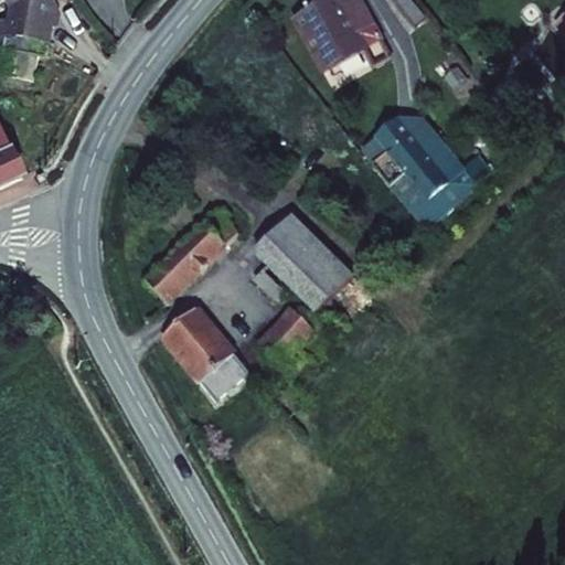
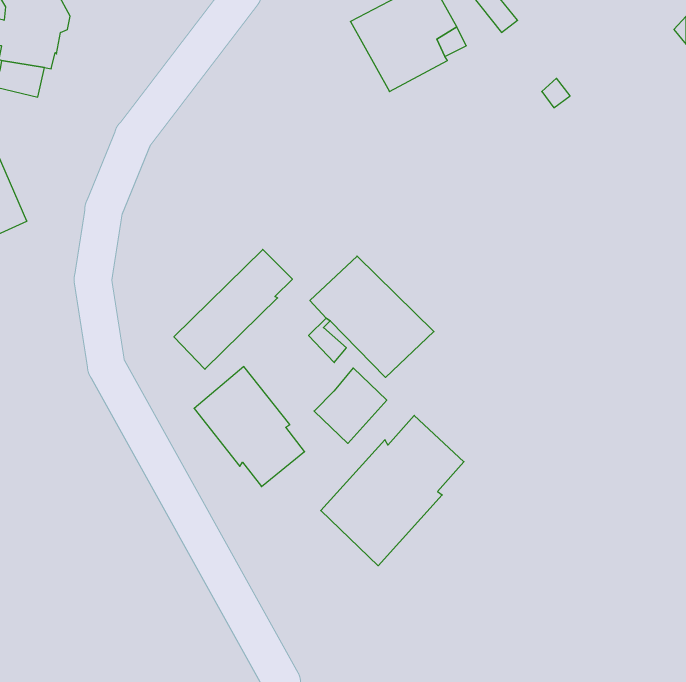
building: [360,117,475,232] -> none
building: none -> [321,415,464,566]

